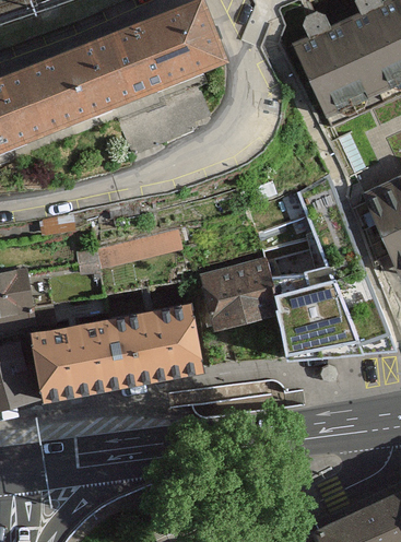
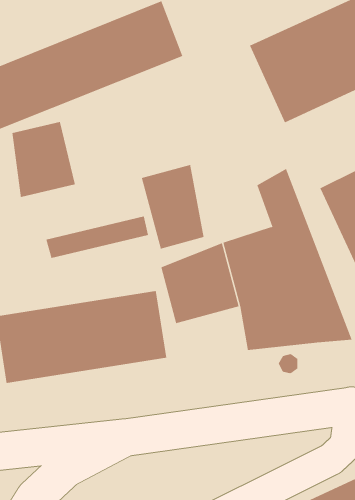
building: none -> [12,121,75,198]
building: none -> [141,164,204,249]

